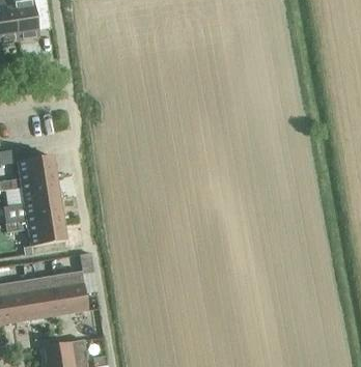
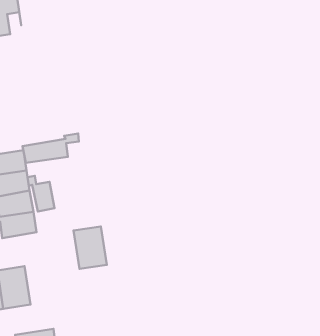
building: none -> [23,134,79,163]
building: none -> [27,176,54,212]
building: [53,271,87,314] -> [74,226,107,269]

